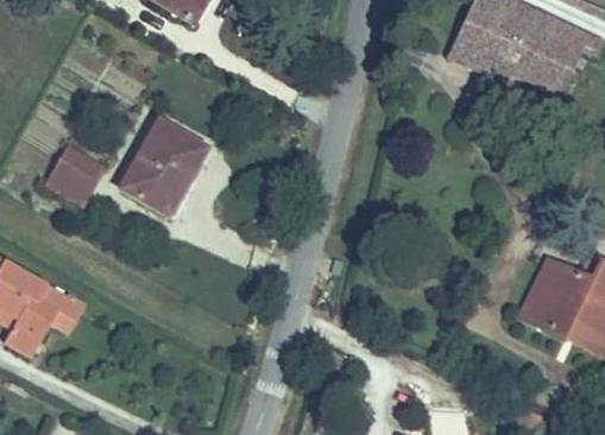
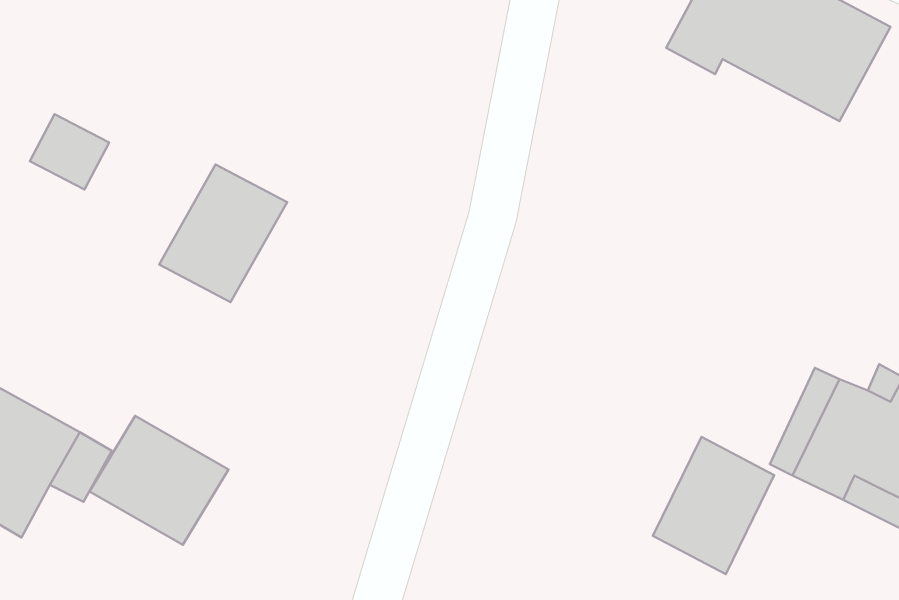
building: [50,145,100,193] -> [30,114,109,189]
building: none -> [89,416,229,545]
building: none -> [653,437,774,574]

